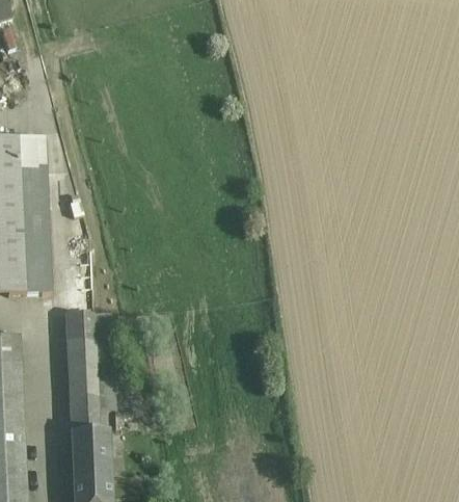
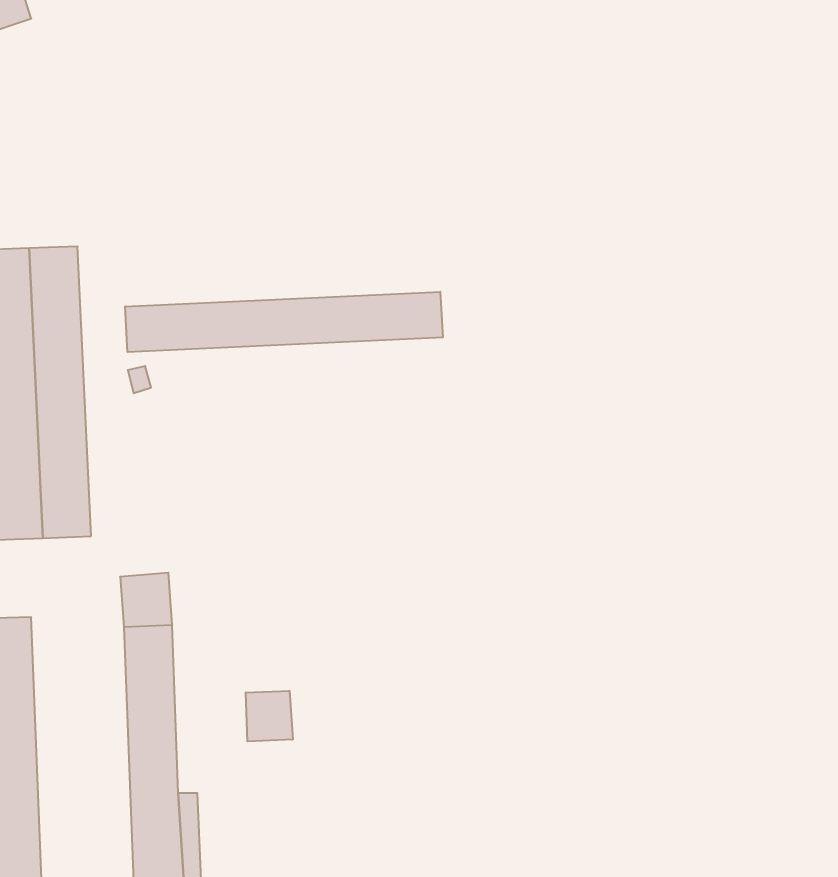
building: none -> [125,292,443,352]
building: none -> [246,691,293,741]

